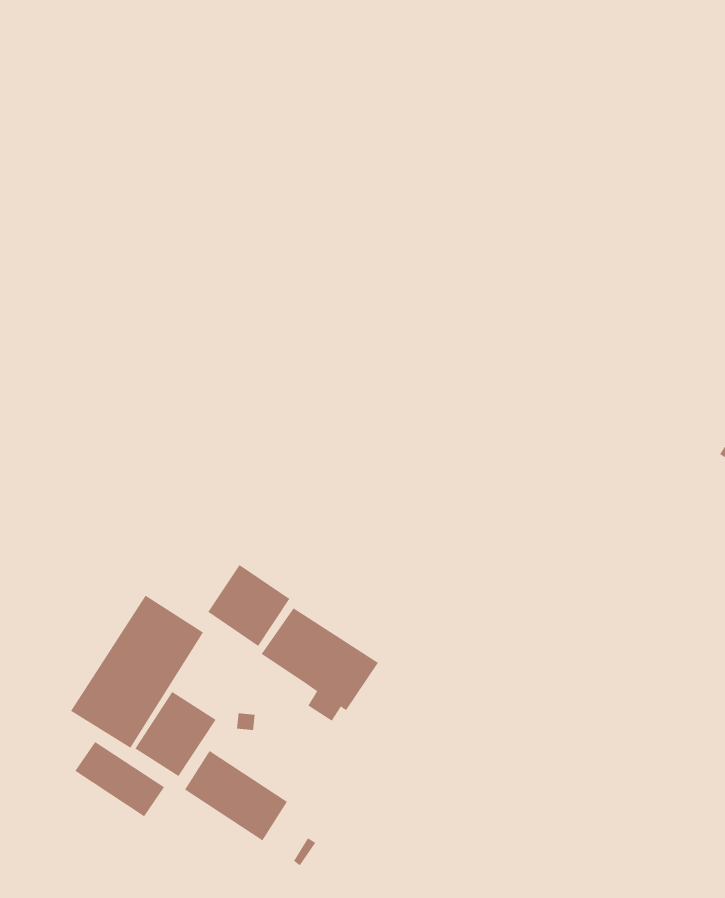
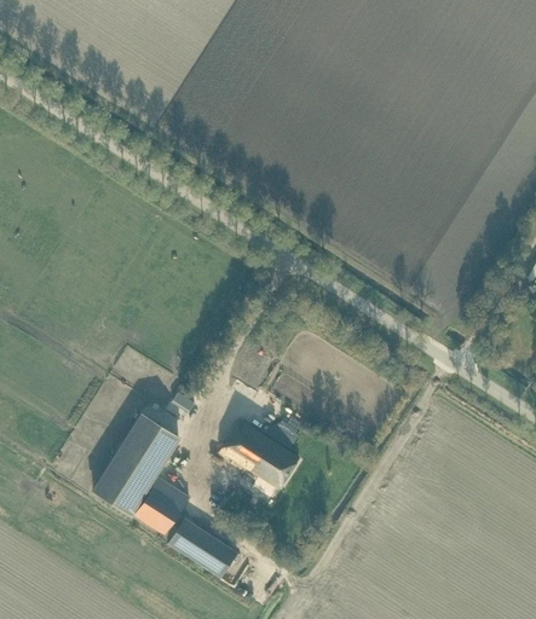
building: [207,564,290,647] -> none
building: [75,741,165,817] -> none

